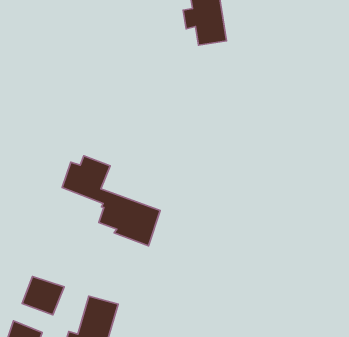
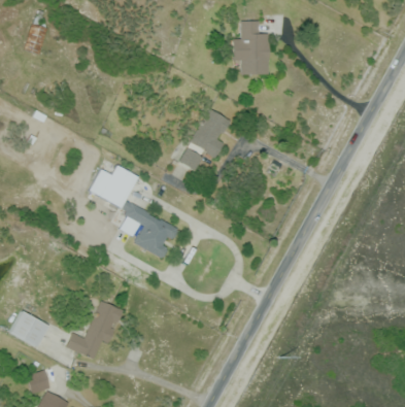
building: none -> [176,108,228,173]
building: [22,276,64,315] -> none

